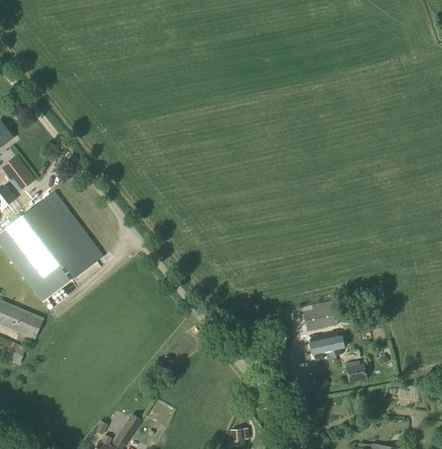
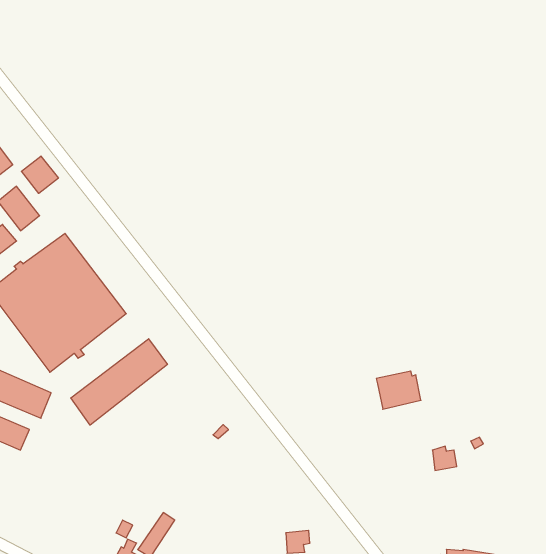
building: none -> [21,156,58,193]
building: none -> [71,339,167,425]
building: [308,330,342,359] -> none

